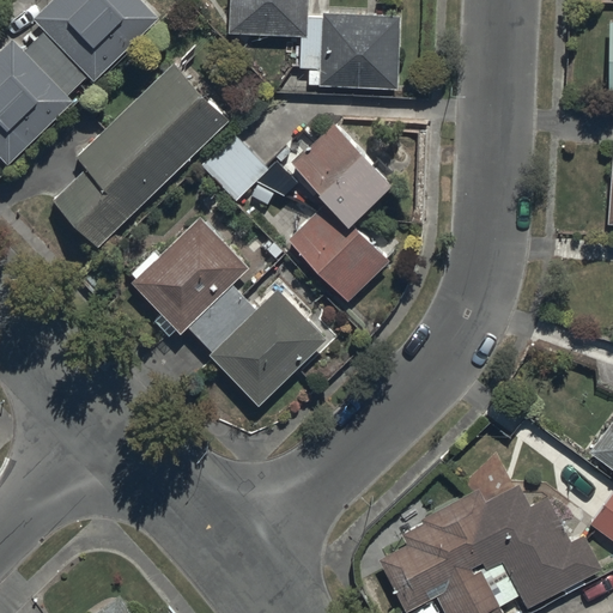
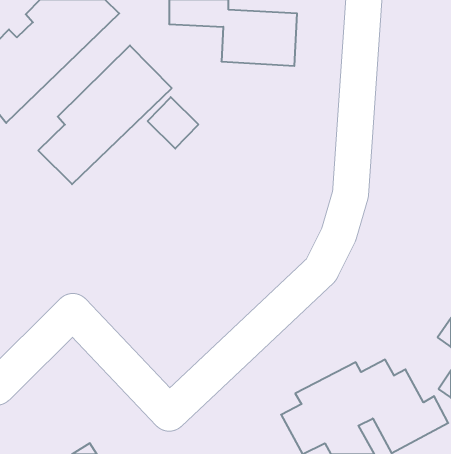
building: [286,123,396,303] -> none
building: [131,216,328,407] -> none

